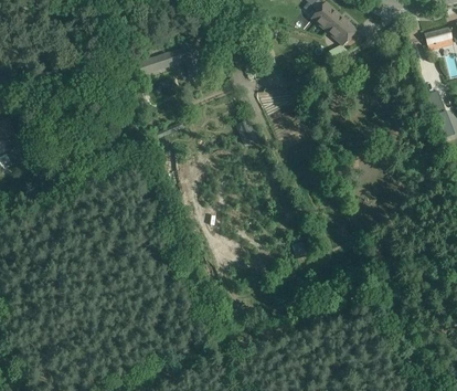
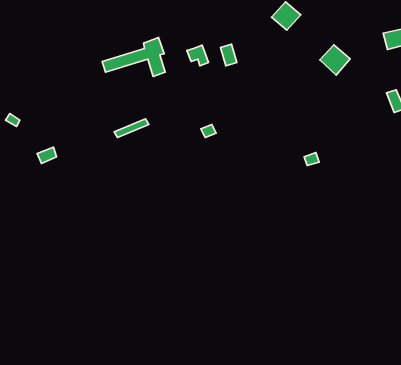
building: [326,17,357,47] -> [320,45,350,75]

